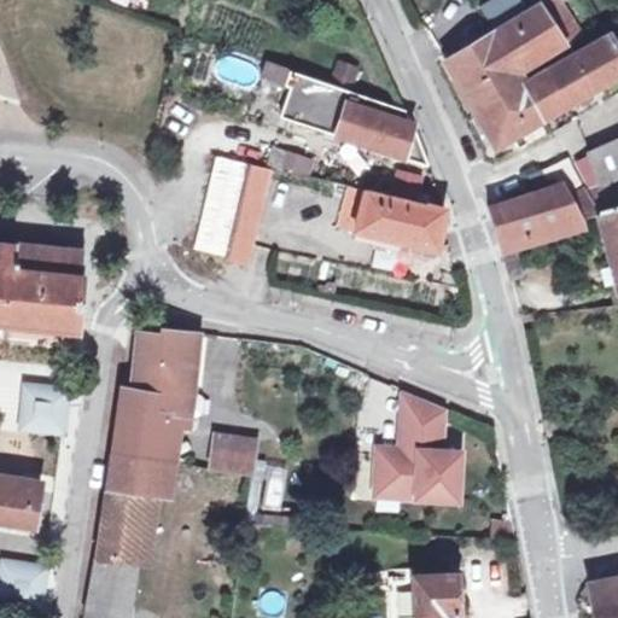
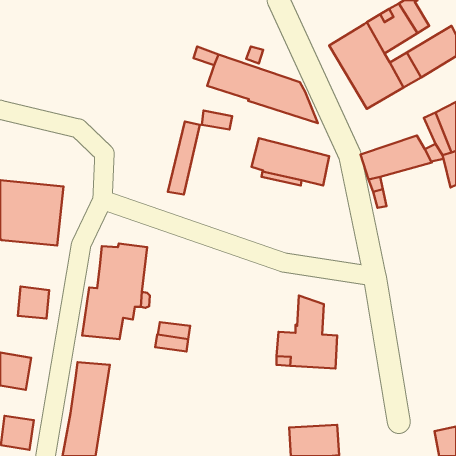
building: [194,157,247,256] -> none
building: [105,454,162,494] -> none

